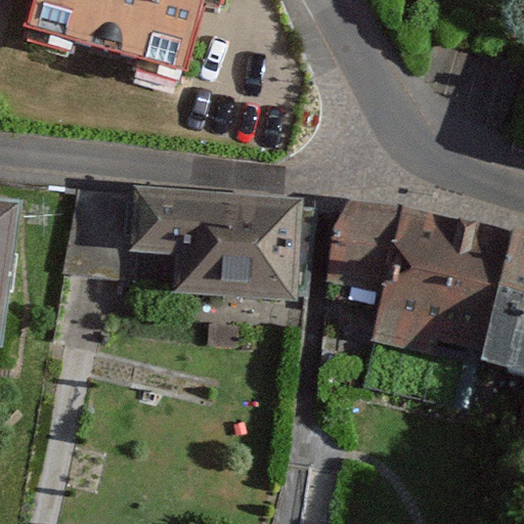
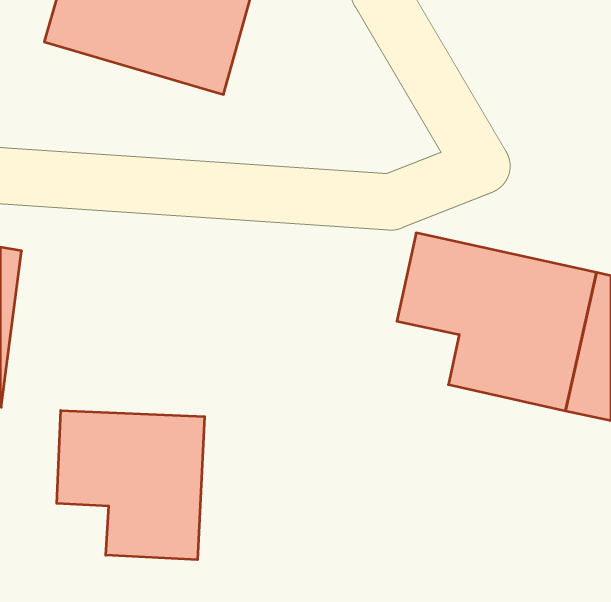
building: [75,189,303,293] -> none
building: none -> [57,410,205,560]

